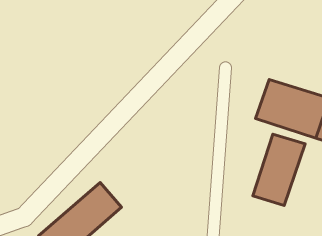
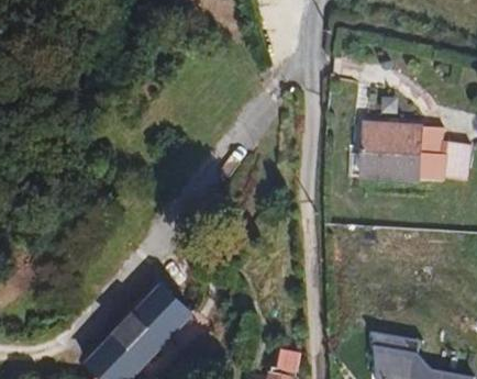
building: [253,134,305,205] -> none

